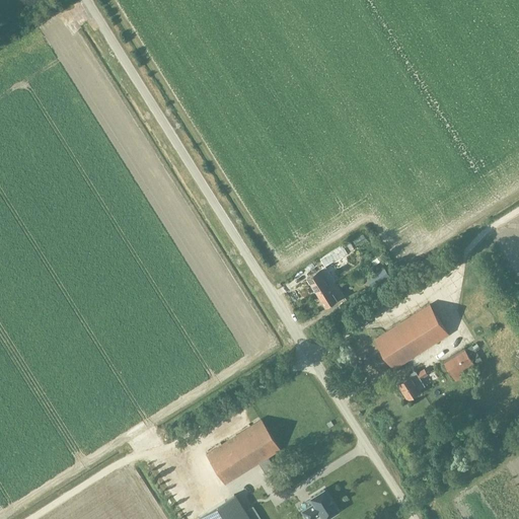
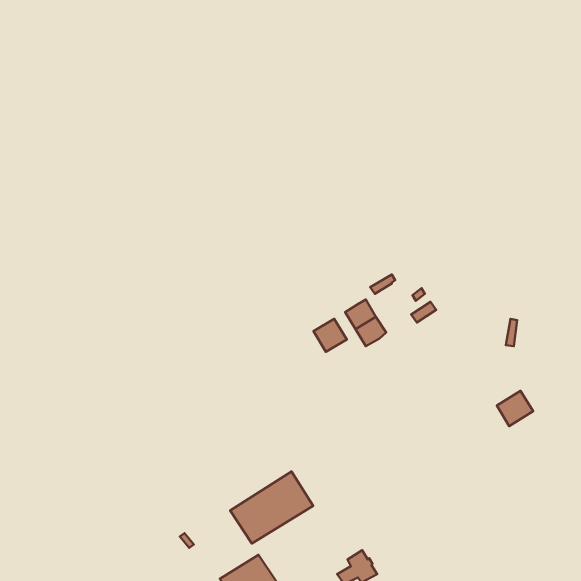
building: none -> [313,319,347,352]
building: [375,306,448,370] -> none
building: [397,367,433,401] -> none

